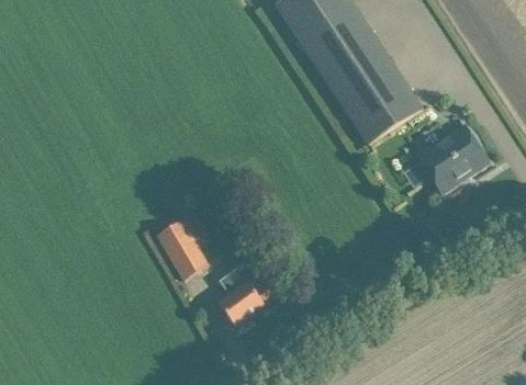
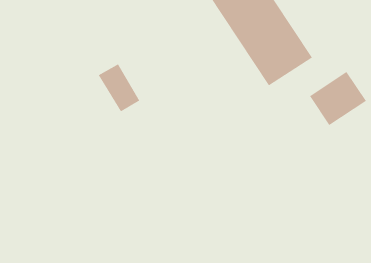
building: [156,215,208,274] -> [98,64,140,112]
building: [217,274,278,321] -> none

